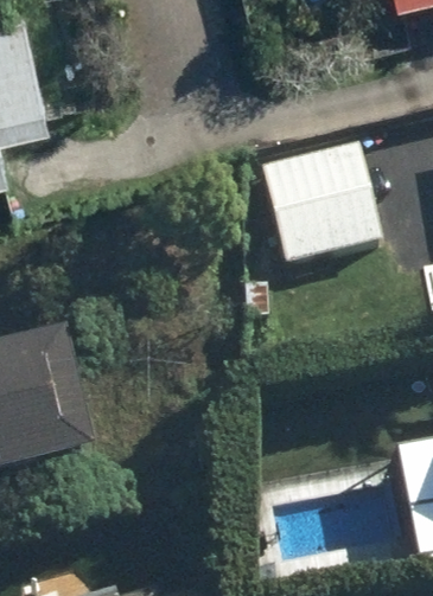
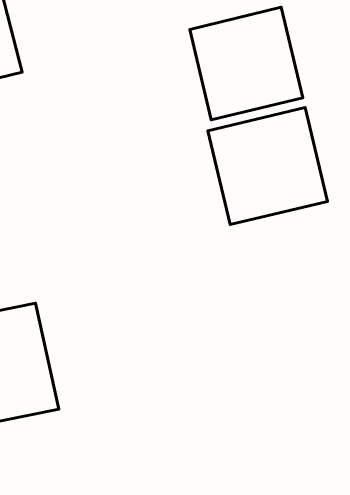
building: none -> [190,7,303,120]

